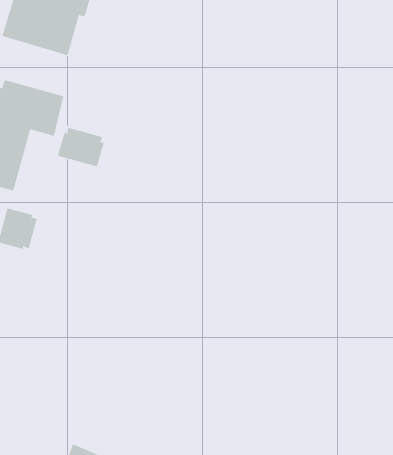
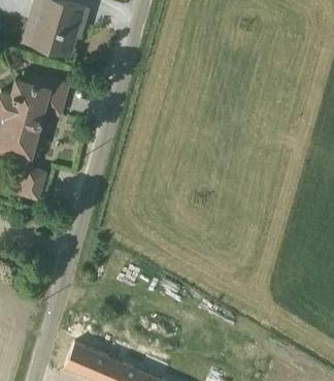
building: [57,127,105,167] -> none

